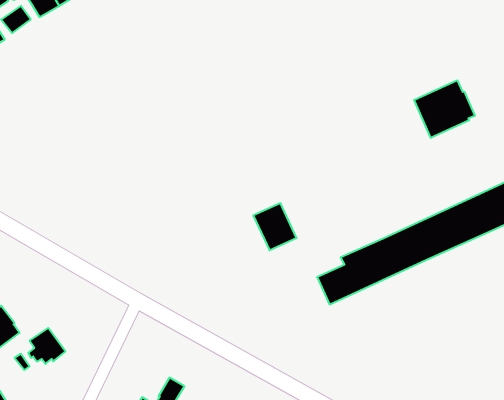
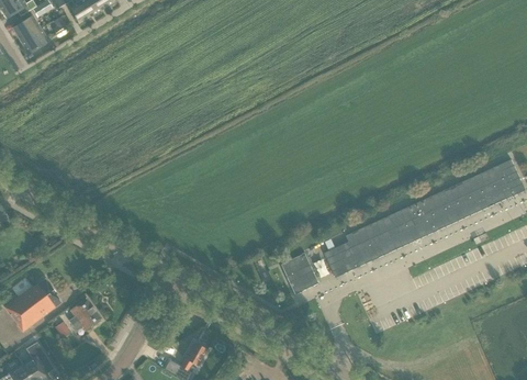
building: [414,80,475,138] -> none
building: [253,203,297,250] -> [281,253,319,294]

